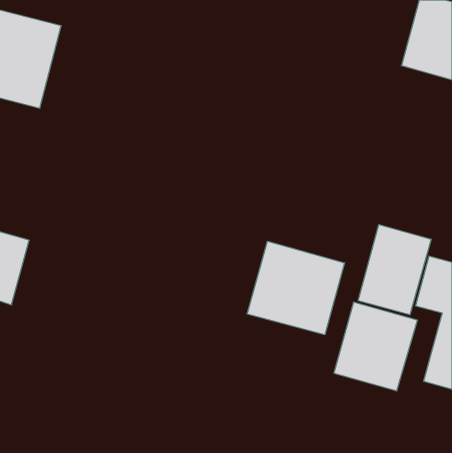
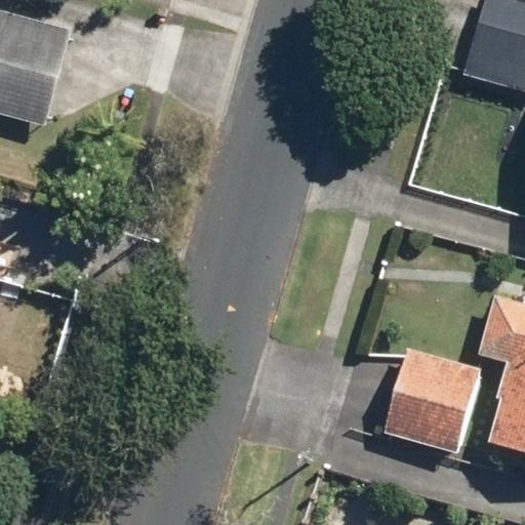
building: [358,225,431,315] -> none
building: [247,241,345,335] -> none

